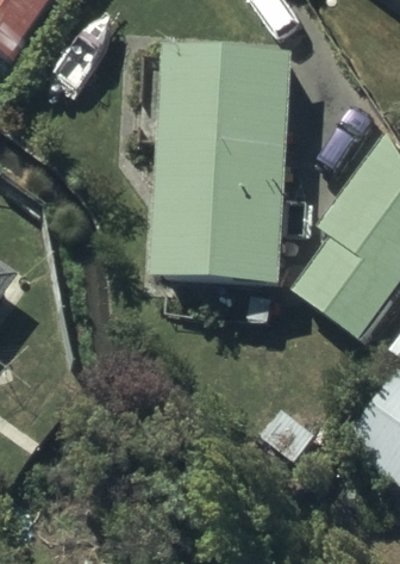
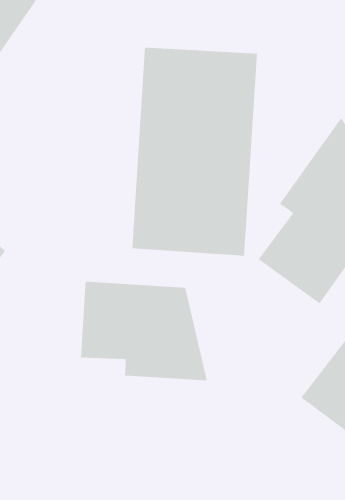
building: none -> [81,281,207,381]

